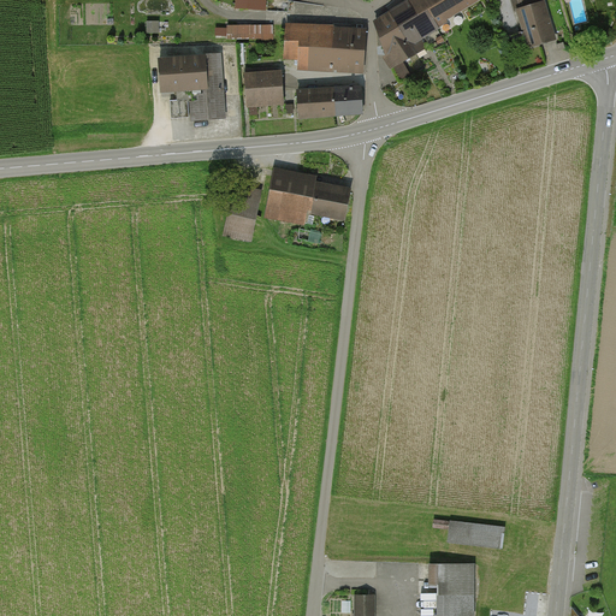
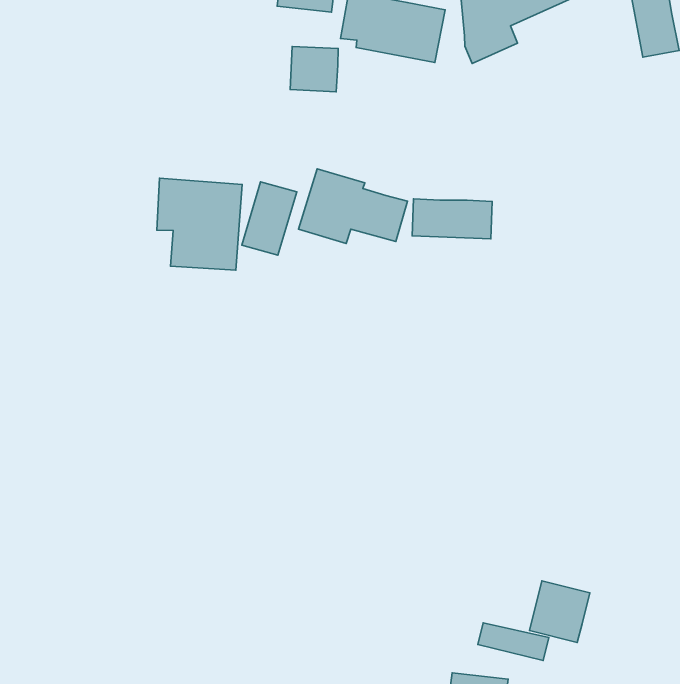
building: [155,48,225,120] -> [157,178,242,270]
building: [295,83,361,118] -> [412,199,492,239]
building: none -> [529,581,590,642]

